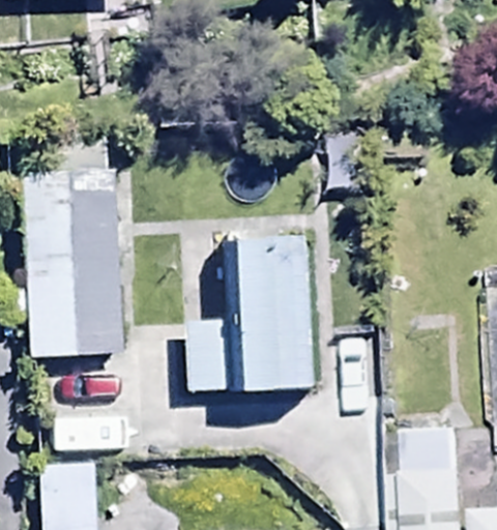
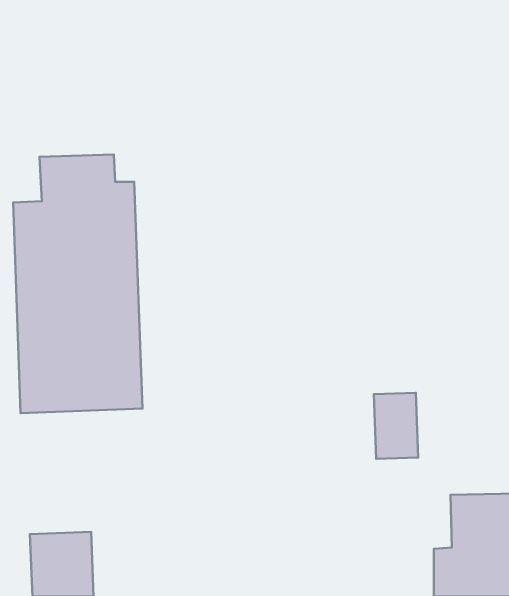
building: [184,240,315,394] -> none

